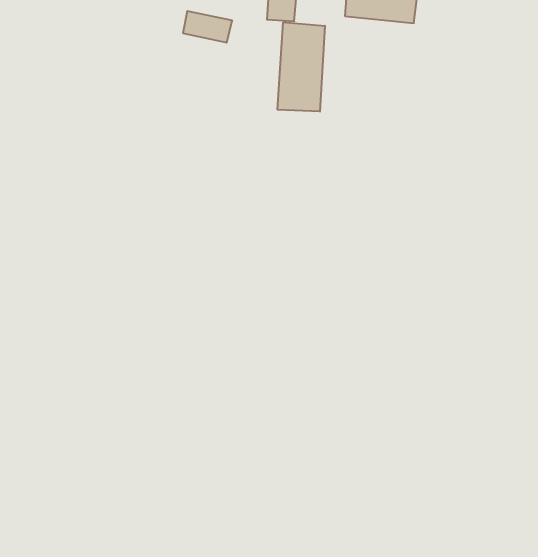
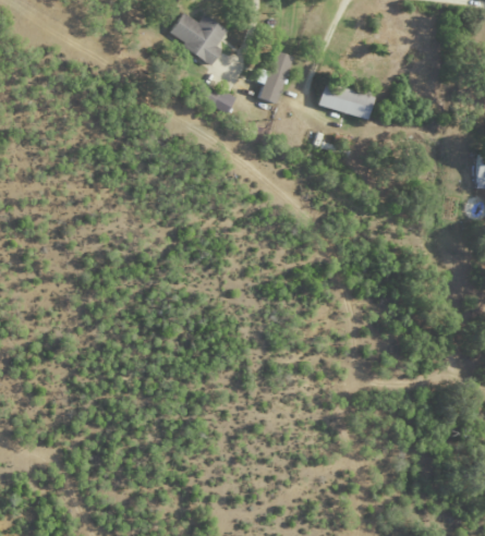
building: [278,22,325,112] -> none

